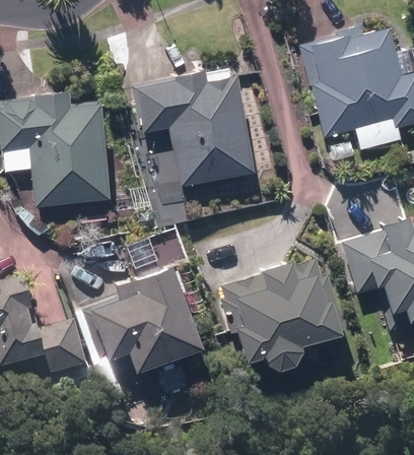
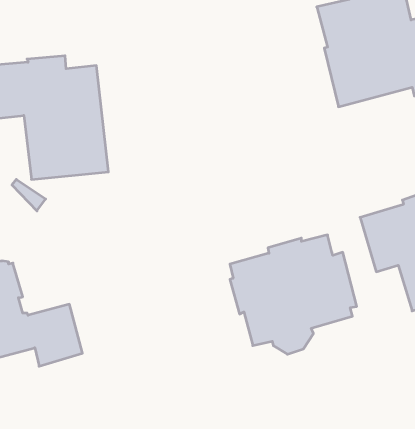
building: [136,70,253,186] -> none
building: [87,264,202,374] -> none

